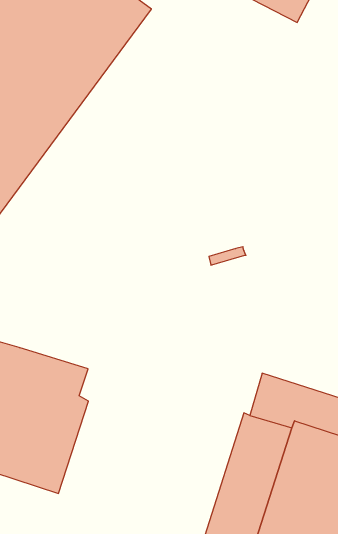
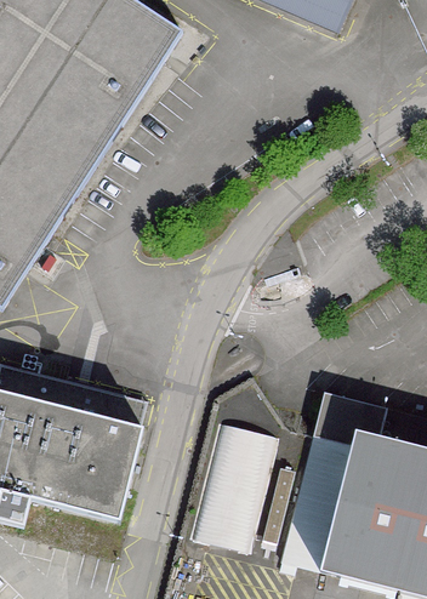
building: none -> [187,421,272,550]

